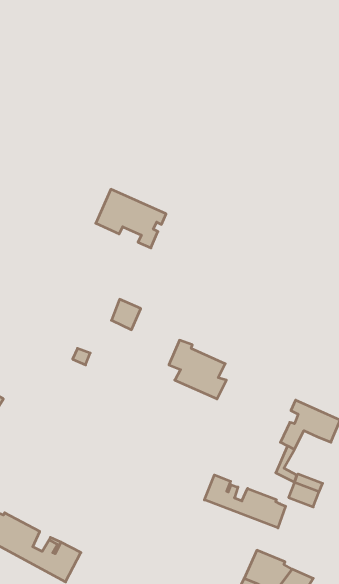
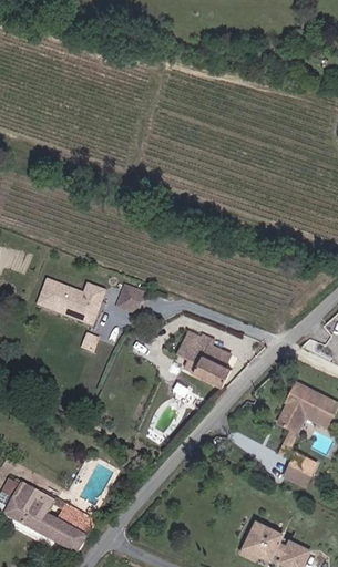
building: [96,189,166,248] -> [41,267,107,322]
building: [204,475,286,528] -> none

